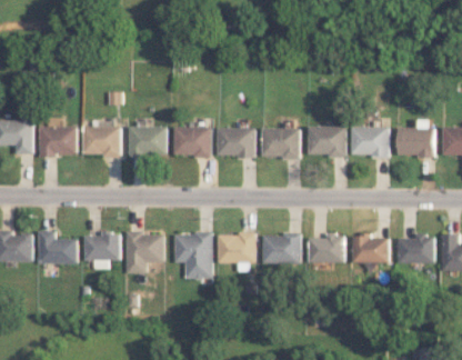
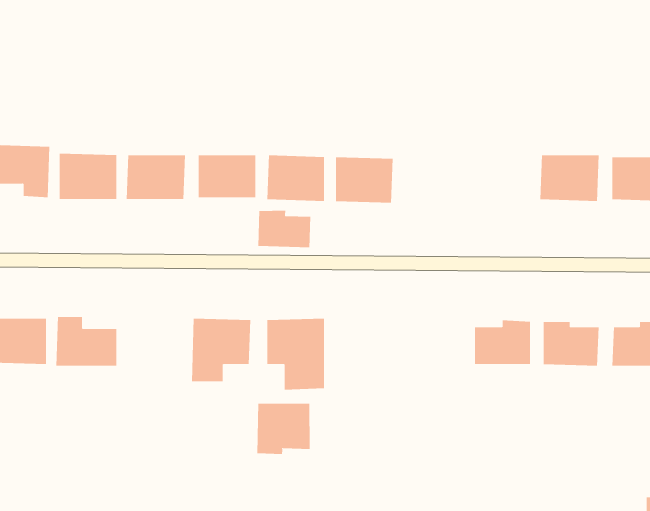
building: [309,126,346,156] -> none
building: [262,128,301,158] -> none
building: none -> [258,210,311,248]
building: [83,232,120,269] -> none
building: [218,233,255,263] -> none
building: [263,233,301,263] -> none
building: none -> [257,403,310,455]

